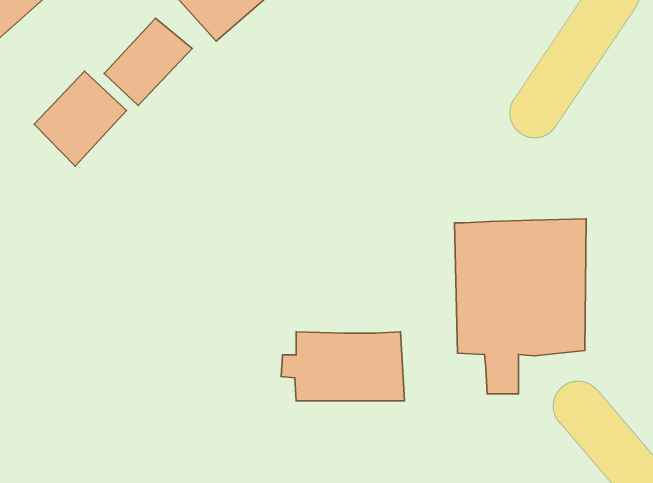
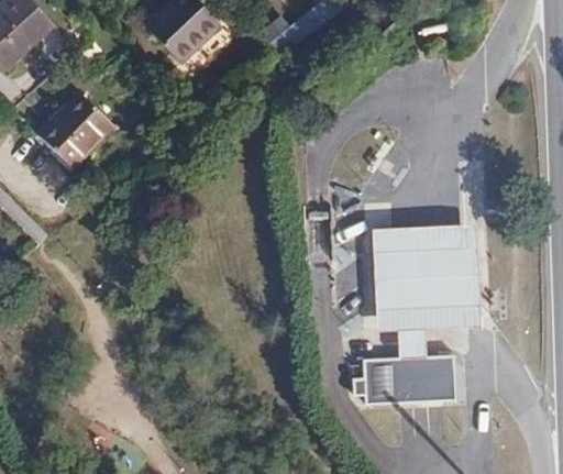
building: [104,18,192,106] -> none
building: [281,332,405,401] -> [352,353,452,409]

